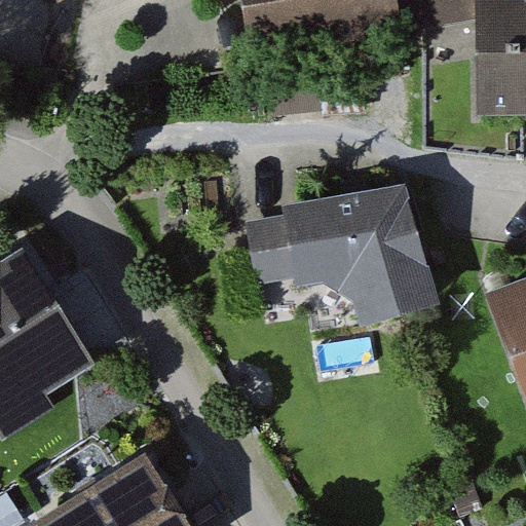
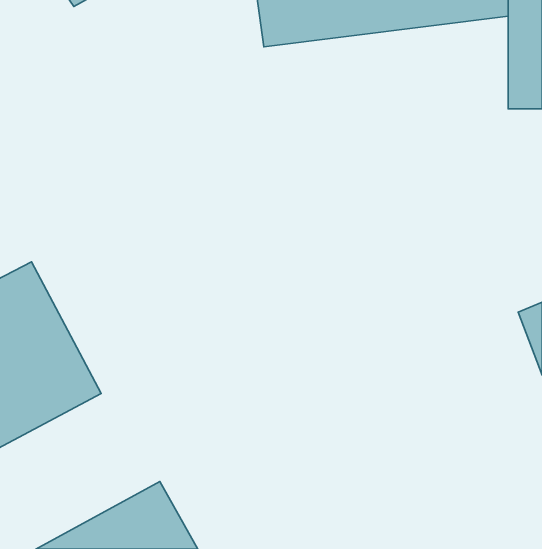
building: [247,186,440,324] -> none

